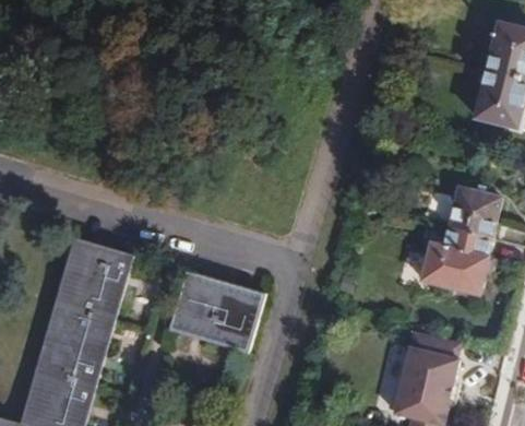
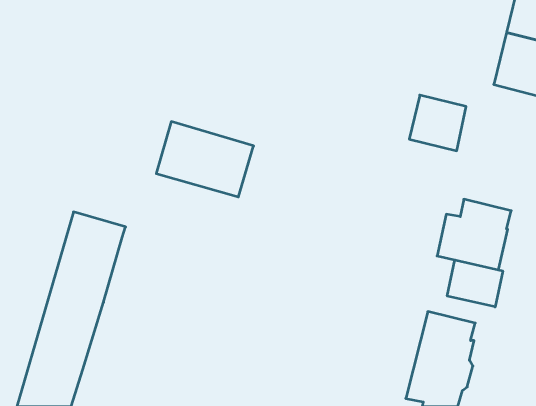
building: [446,186,500,238] -> [409,95,466,151]
building: [170,275,262,346] -> [156,122,254,197]
building: none -> [447,260,503,307]

